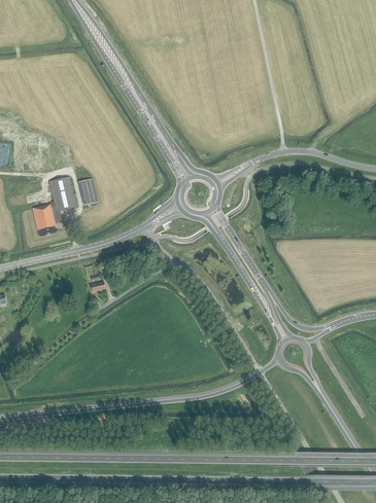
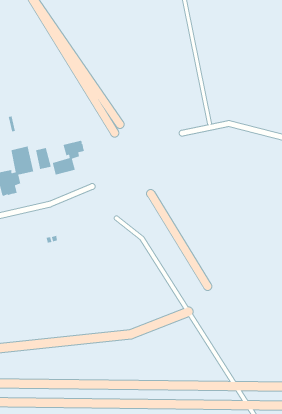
building: none -> [52,140,85,176]

